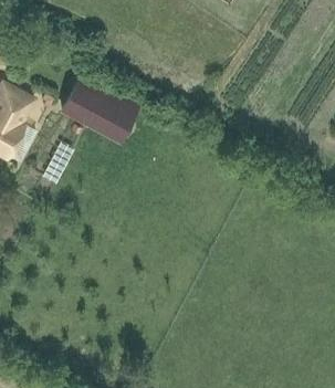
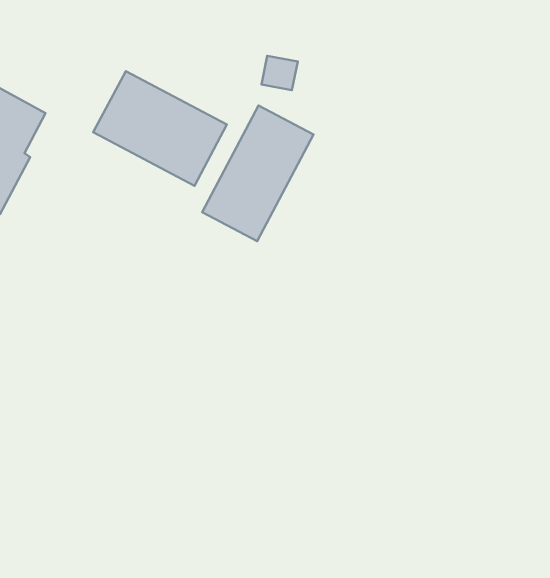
building: none -> [202,105,313,241]

